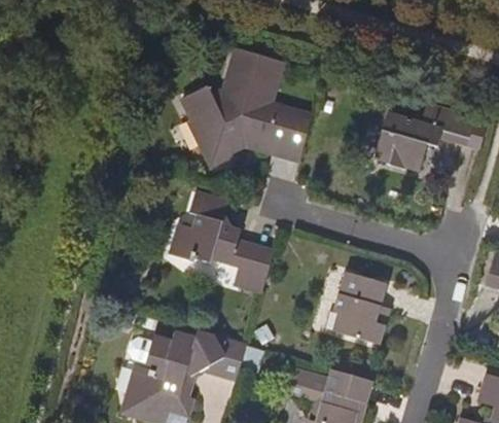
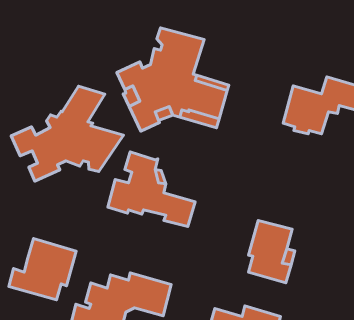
building: none -> [11,86,123,181]
building: none -> [9,238,76,300]

